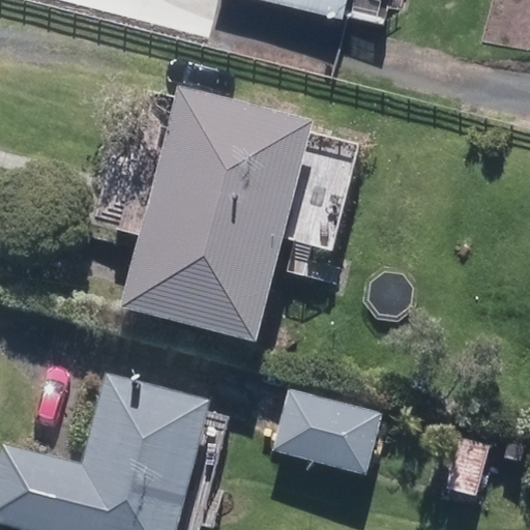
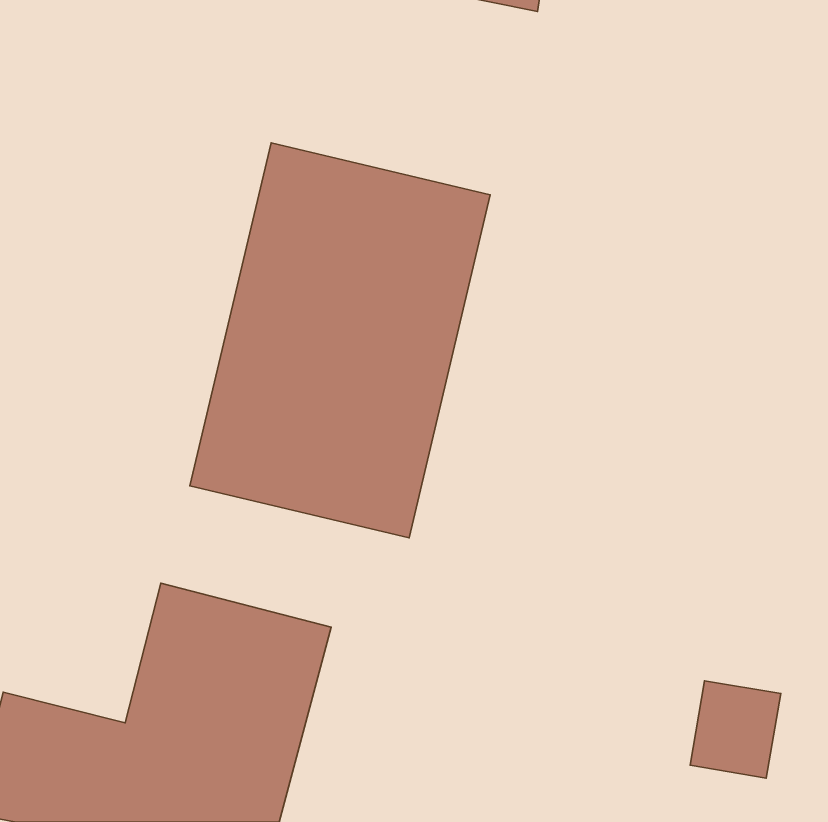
building: [270,392,383,472] -> none

